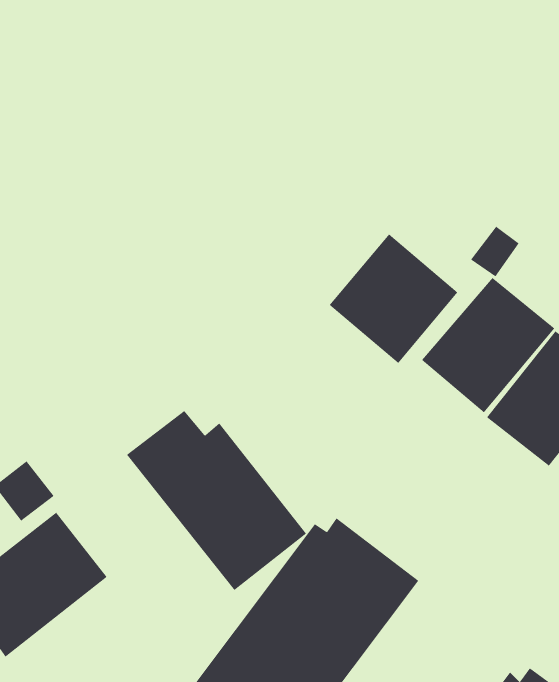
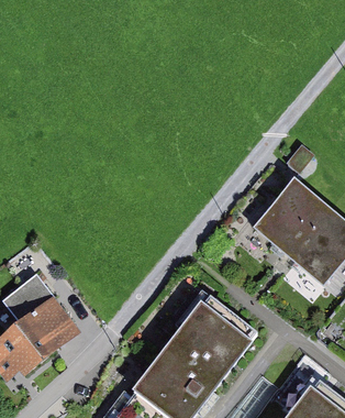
building: [329,233,458,364] -> none
building: [126,410,307,591] -> none

